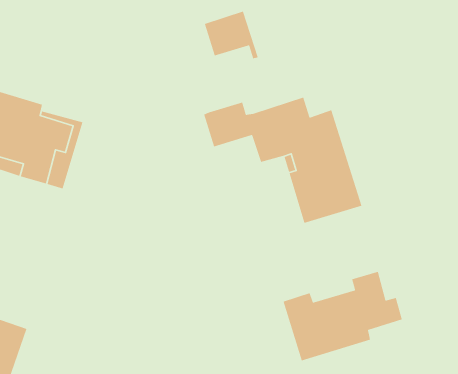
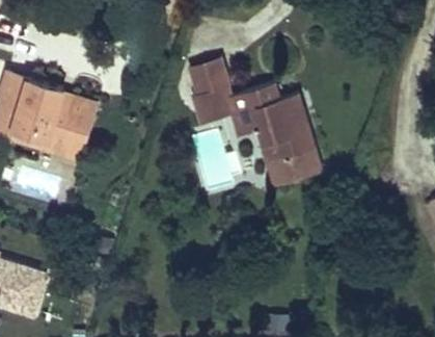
building: [204,11,259,59] -> [188,57,233,97]
building: [283,271,403,362] -> none

